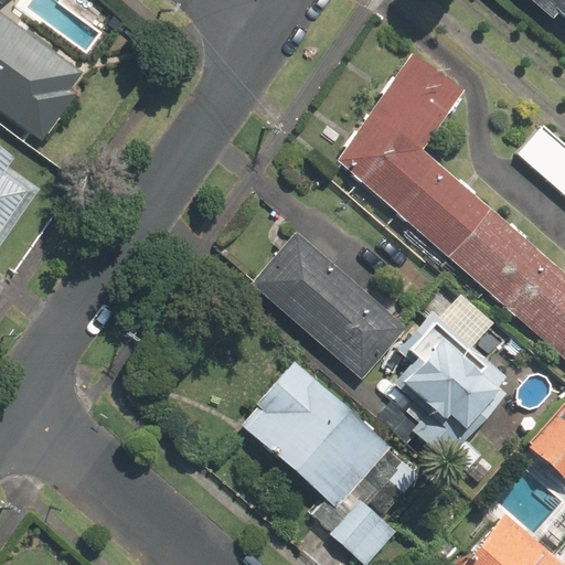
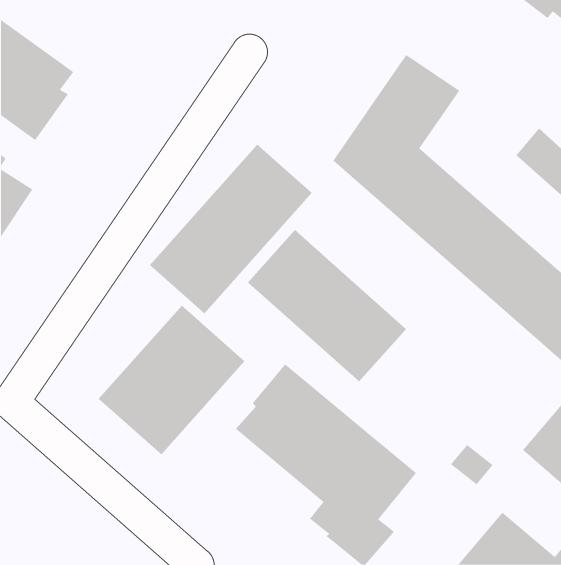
building: none -> [149,144,313,314]
building: [381,294,508,437] -> none
building: none -> [98,305,245,455]

